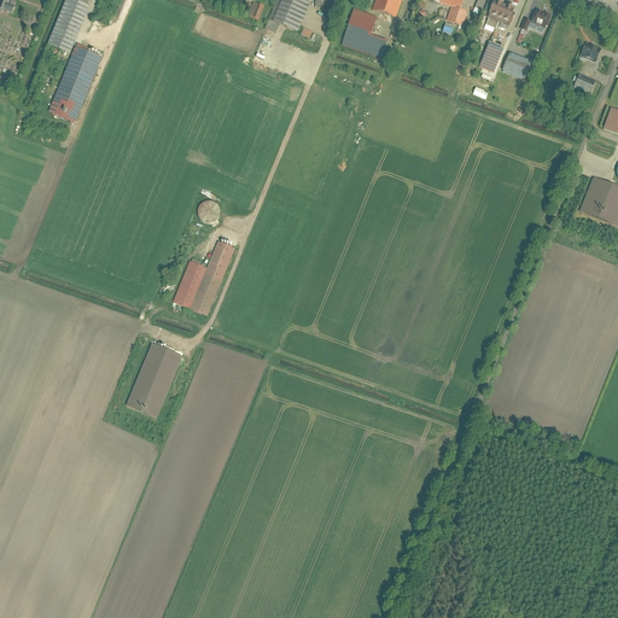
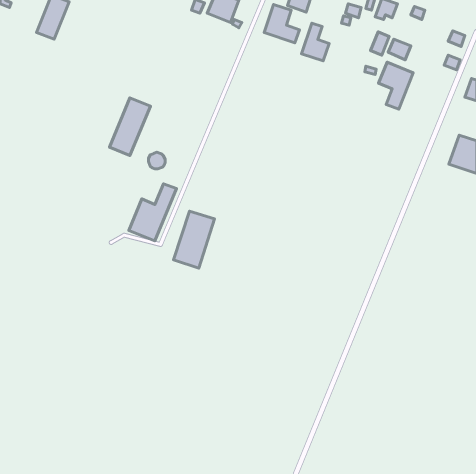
building: none -> [302,23,329,61]
building: [49,43,103,118] -> [109,98,150,156]
building: none -> [378,62,413,109]
building: [128,343,181,416] -> [173,211,215,268]

